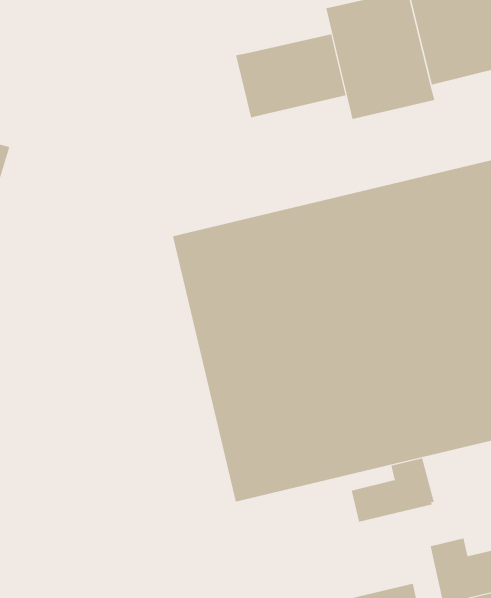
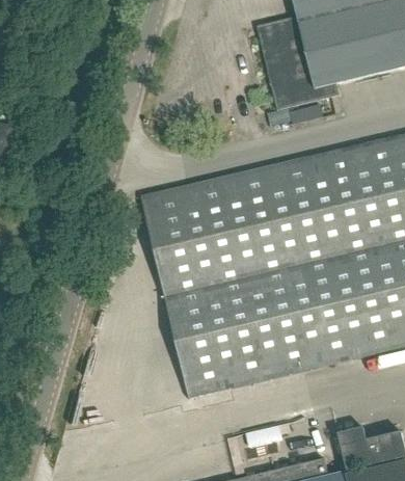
building: [236,33,346,118] -> none
building: [351,457,435,523] -> none

